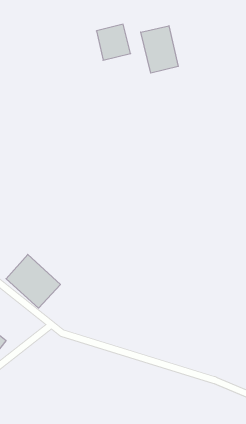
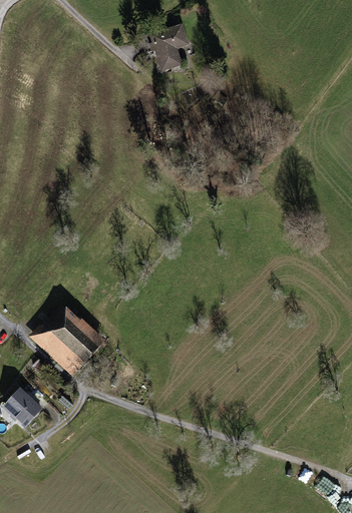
building: [141,26,178,73] -> none

